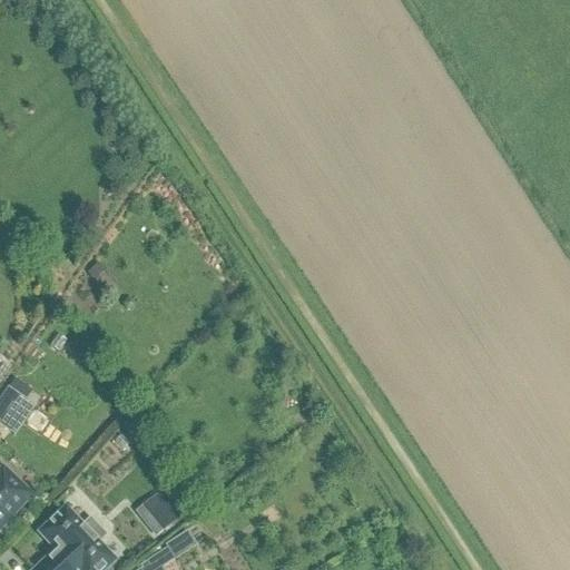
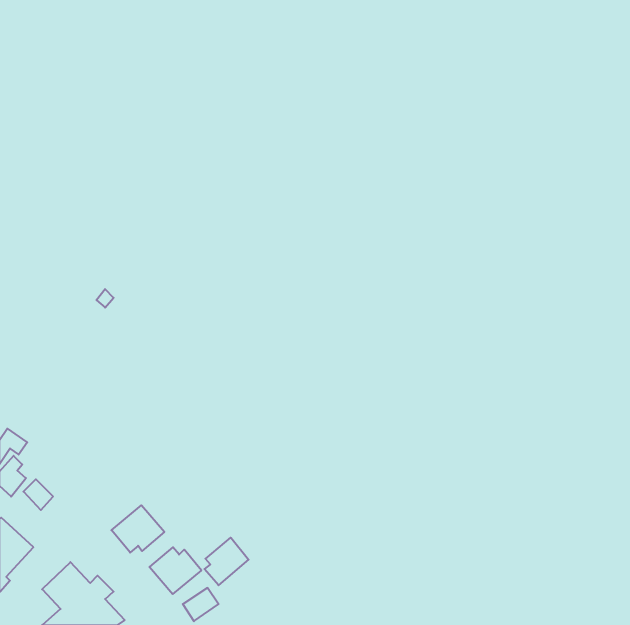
building: none -> [111,505,164,553]
building: none -> [204,538,249,585]

